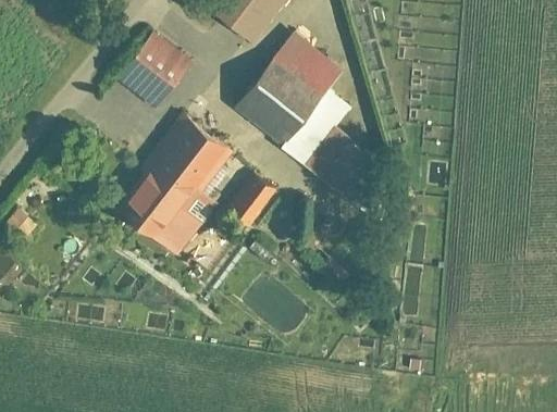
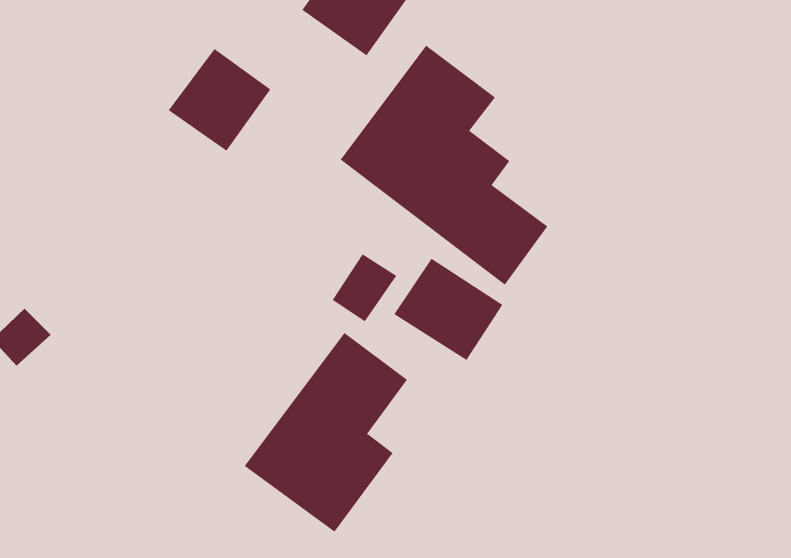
building: [113,116,225,253] -> [244,332,408,533]
building: none -> [394,258,503,361]

